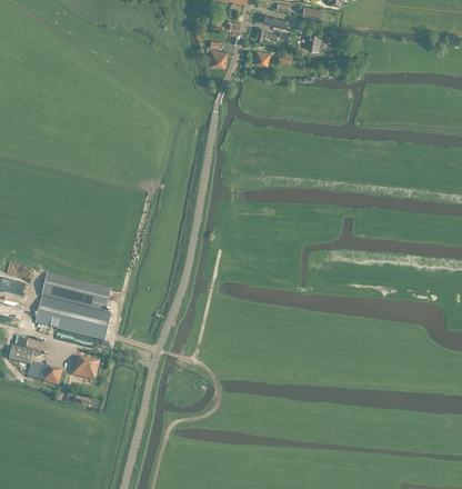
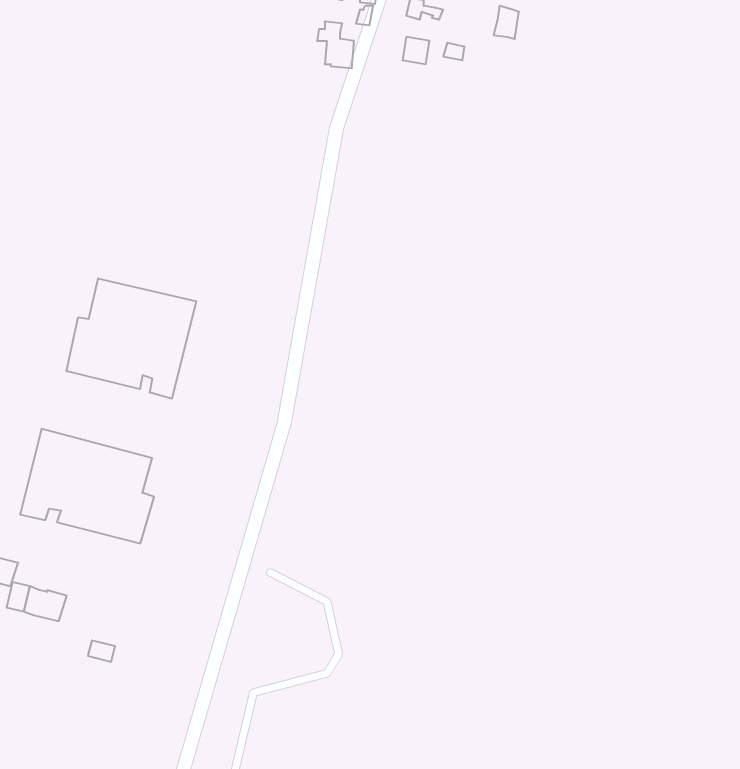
building: none -> [66,278,196,399]
building: [71,356,99,380] -> none

